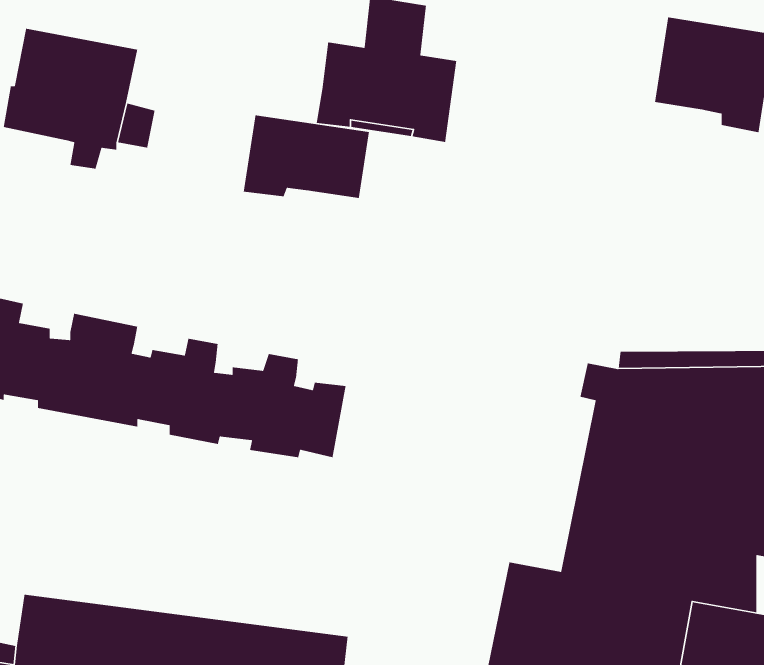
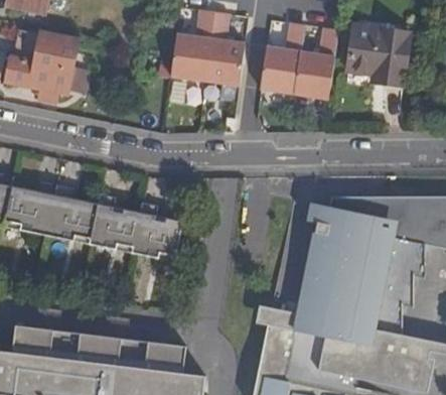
building: none -> [259,24,339,98]
building: [243,115,370,199] -> none

